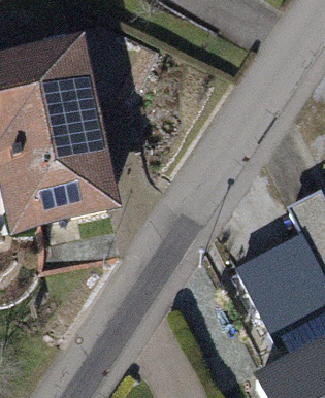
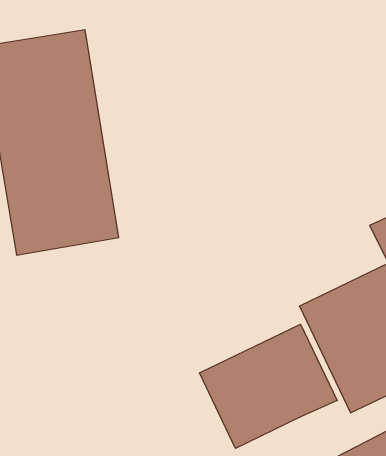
building: none -> [200,324,337,448]

